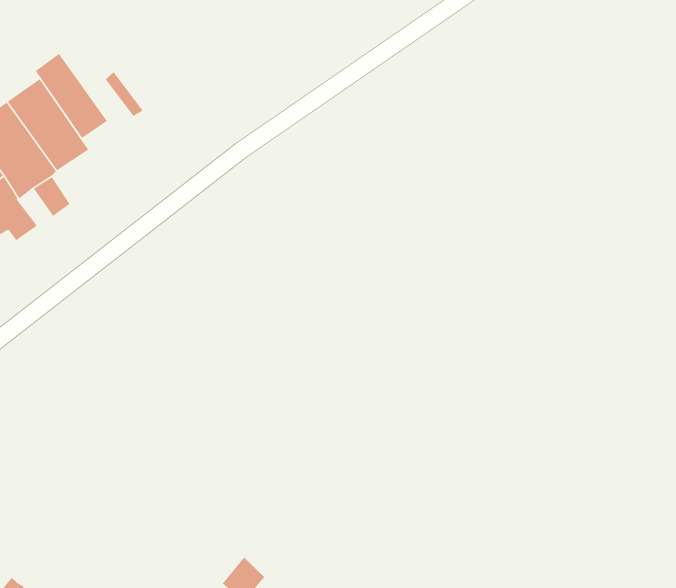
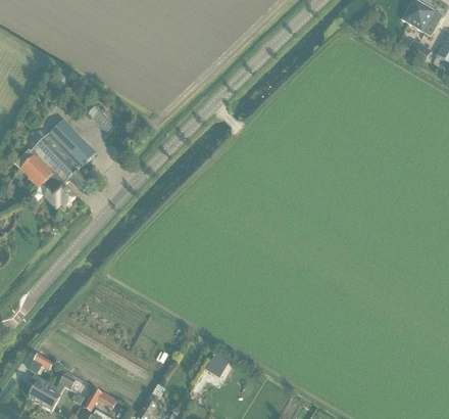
building: [35,53,108,139] -> none

